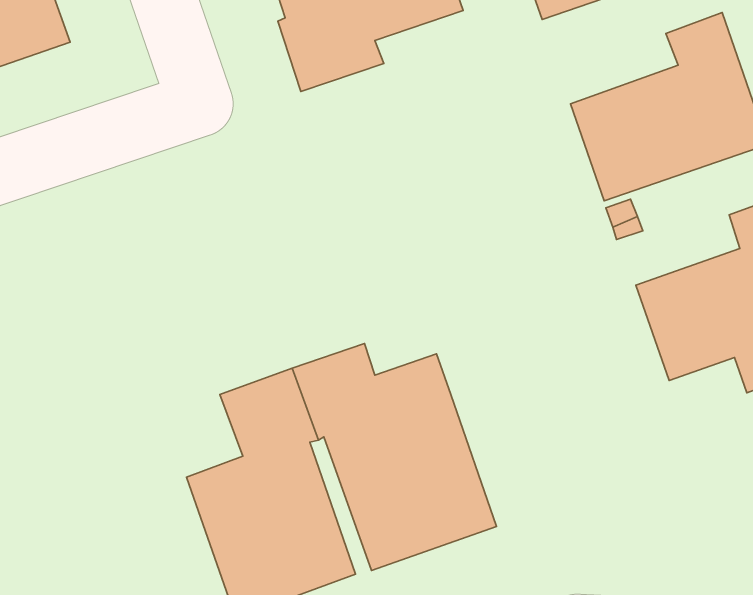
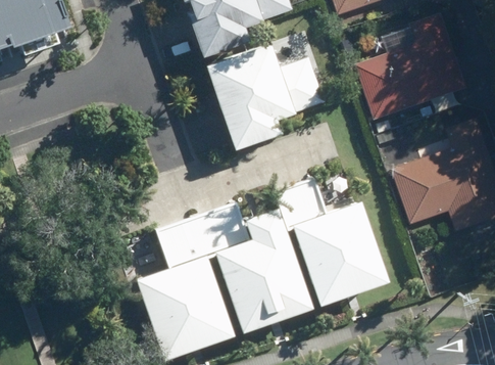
building: none -> [204,43,326,150]
building: none -> [275,177,387,307]

